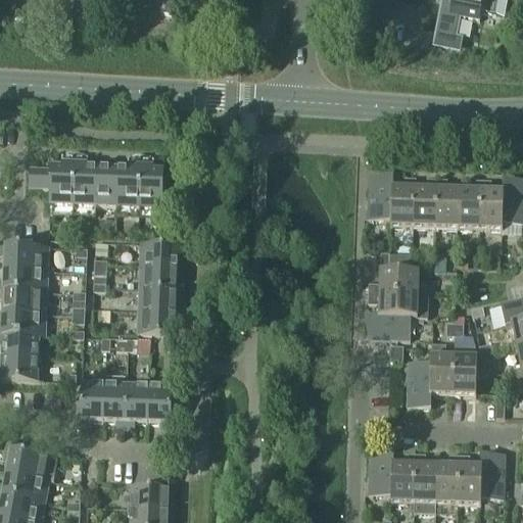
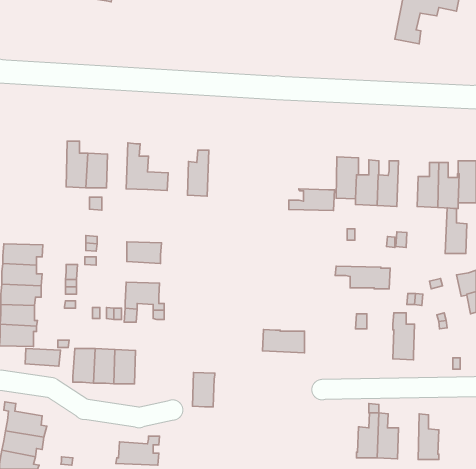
building: [28,153,74,204] -> none
building: [116,156,140,206] -> [187,150,209,196]
building: [434,176,458,226] -> [445,208,467,254]
building: [139,241,178,266] -> none
building: [4,243,47,268] -> none
building: [368,269,418,292] -> [289,189,334,210]
building: [138,286,176,310] -> none
building: [364,313,410,338] -> [262,329,304,353]
building: [453,343,476,393] -> none
building: [407,360,431,406] -> none
building: none -> [25,348,61,366]
building: [147,383,172,421] -> [193,372,215,407]
building: [368,447,393,494] -> none
building: [479,451,504,497] -> none
building: [435,453,459,503] -> none

